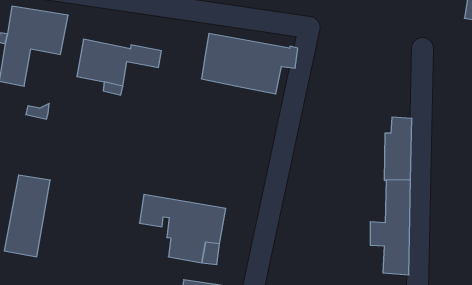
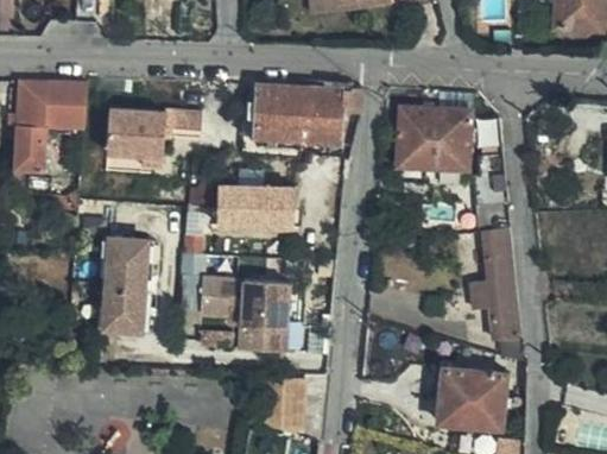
building: none -> [397,107,472,171]
building: none -> [216,187,295,228]
building: [4,175,50,257] -> [100,238,144,332]

